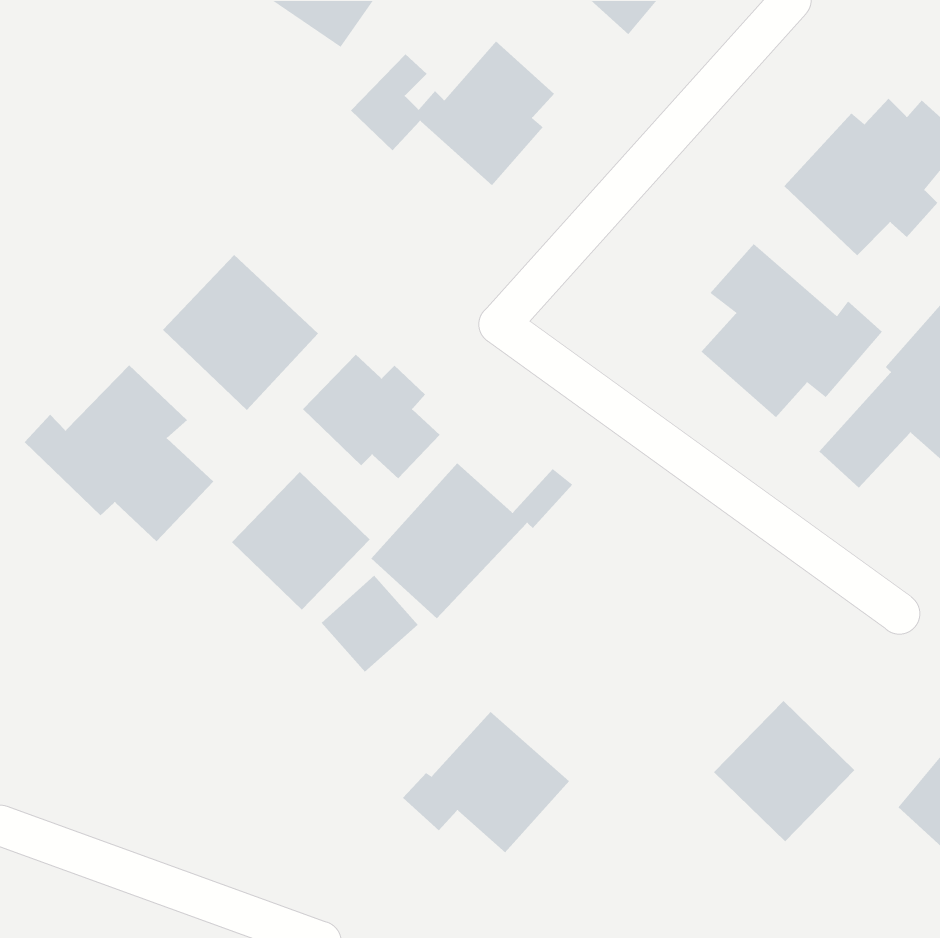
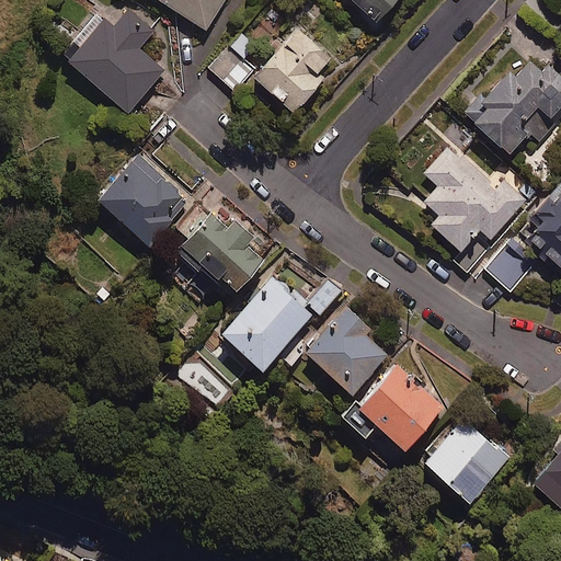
building: none -> [65,9,164,113]
building: [24,365,214,542] -> none
building: [231,471,371,611] -> none
building: none -> [306,308,388,396]
building: [402,711,570,853] -> [343,366,443,450]

